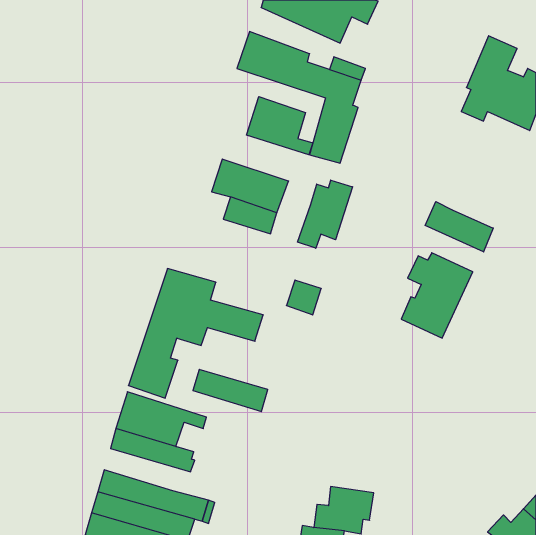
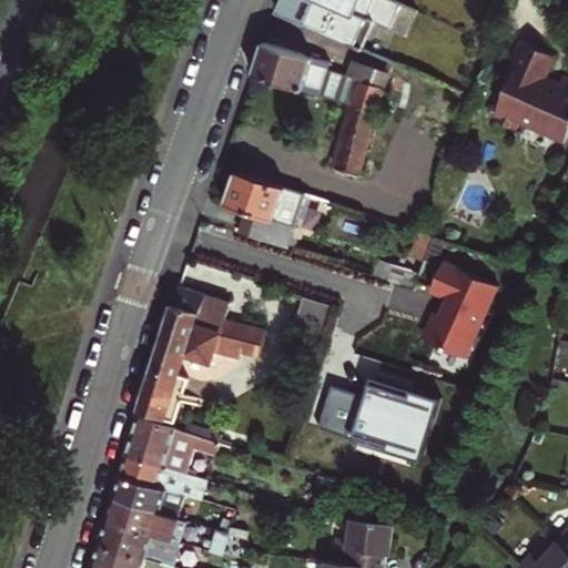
building: [246,97,313,155] -> none
building: [298,180,353,248] -> none
building: [425,202,493,252] -> none
building: none -> [317,379,440,473]
building: [193,369,268,412] -> [110,476,189,520]

